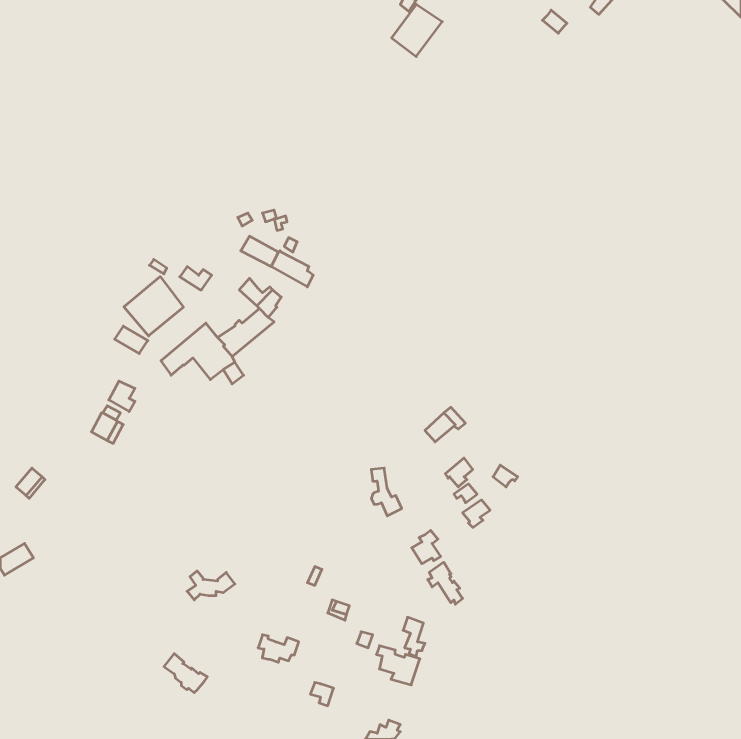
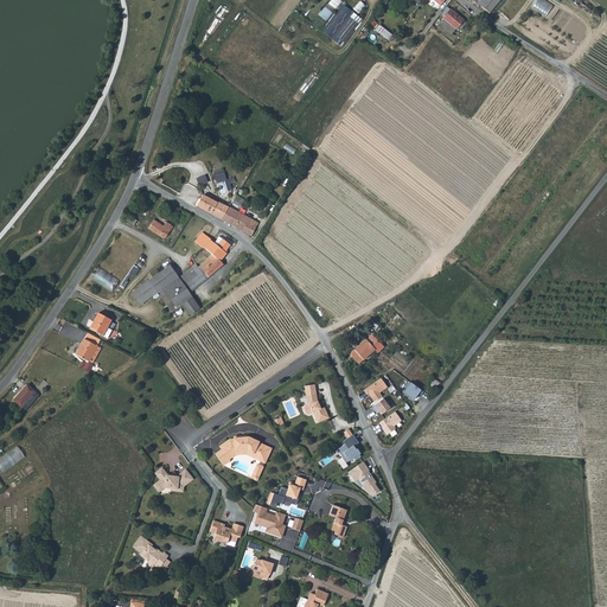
building: [124,277,183,336] -> none
building: none -> [216,436,271,465]
building: [376,646,420,685] -> [254,504,289,536]

